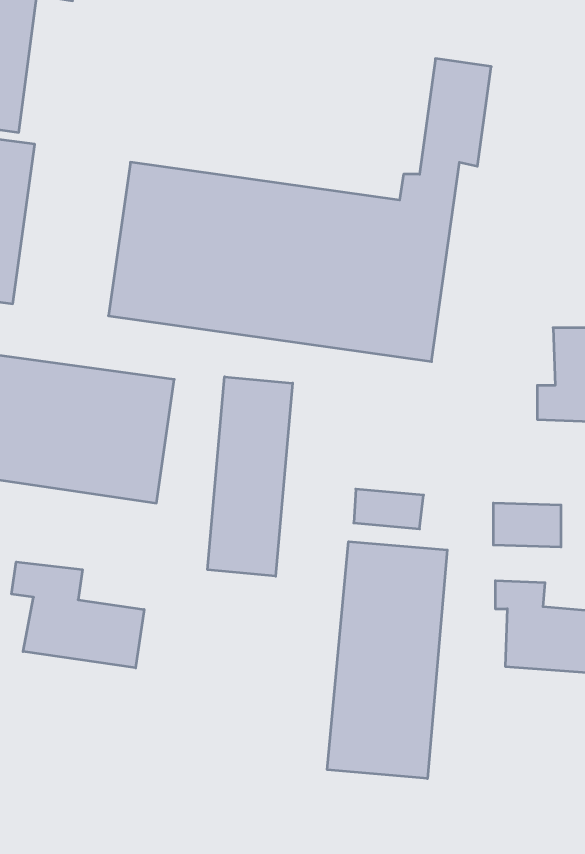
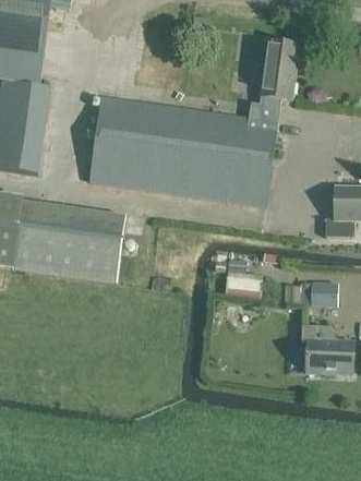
building: [208,377,293,576] -> none
building: [327,542,447,779] -> none
building: [12,562,144,668] -> none

